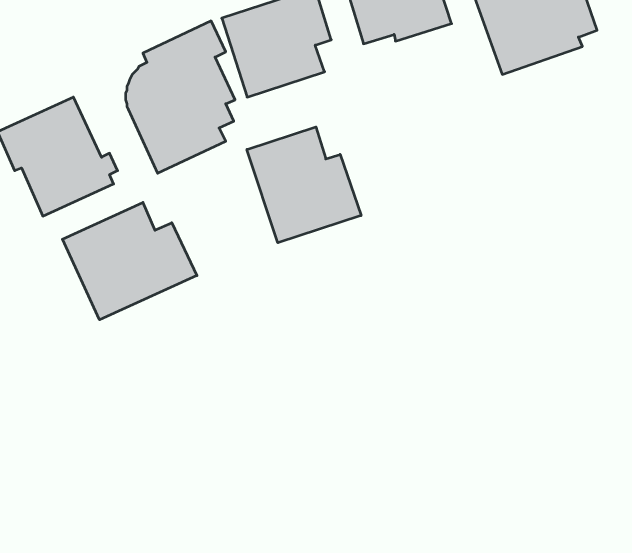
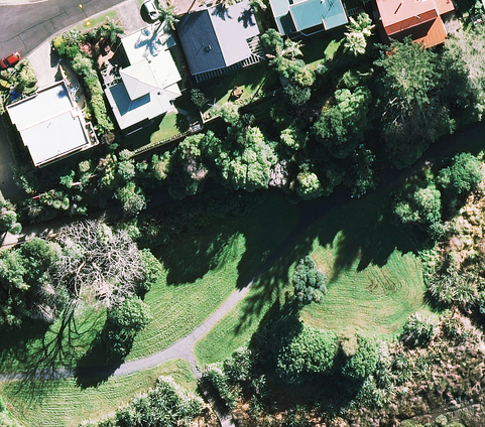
building: [247,127,361,243] -> none
building: [62,202,197,320] -> none

